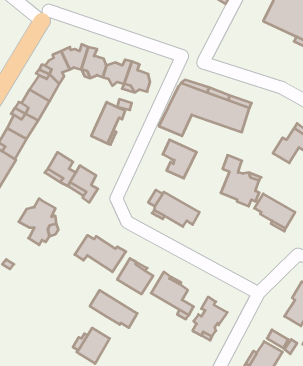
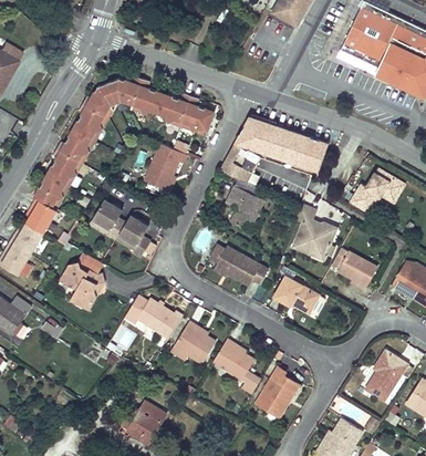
building: none -> [273,276,320,312]
building: [90,290,137,328] -> none

